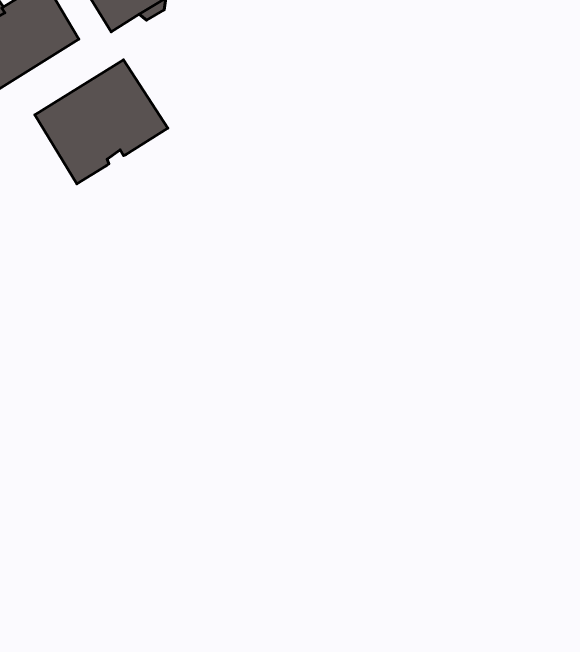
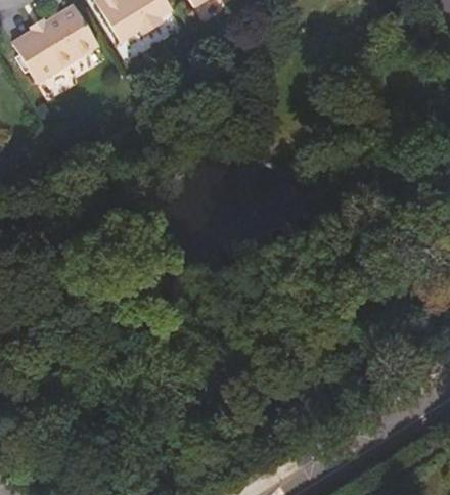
building: [35,60,168,184] -> none

